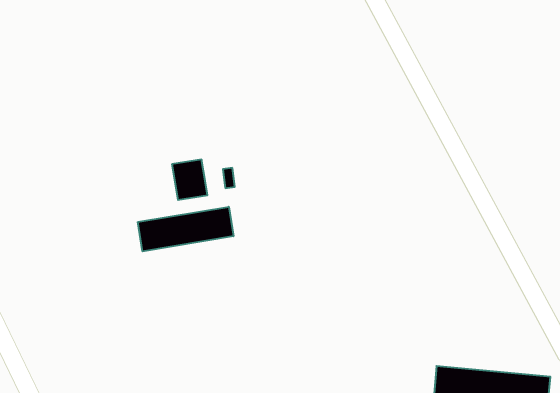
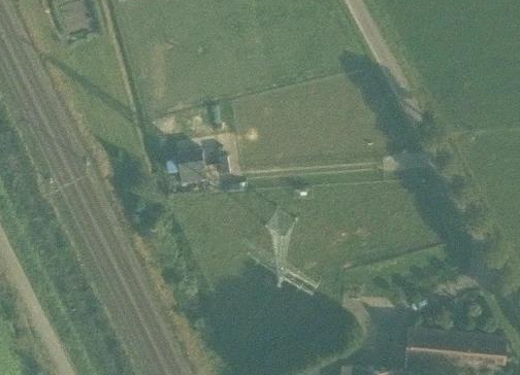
building: [138,207,233,251] -> none

